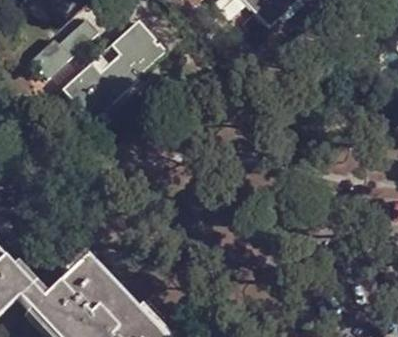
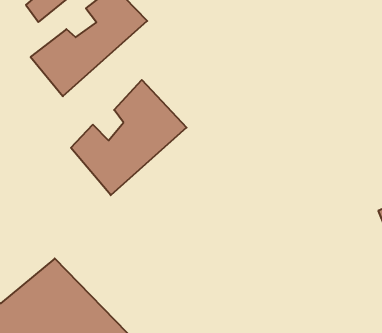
building: none -> [71,80,187,195]

